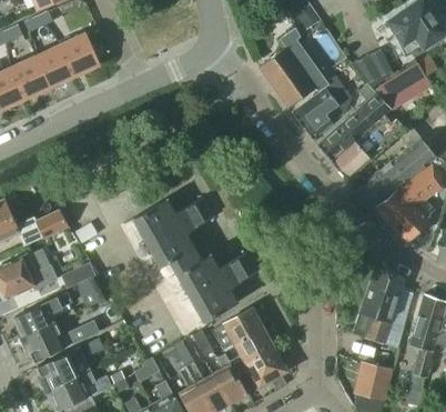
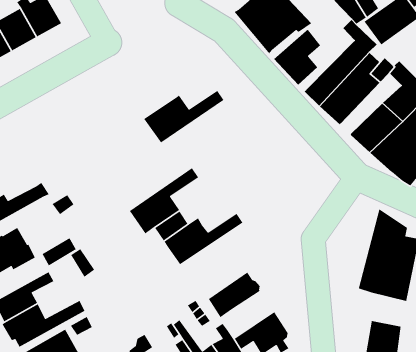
building: [132,197,209,242] -> [143,90,224,144]
building: [190,262,257,321] -> none
building: [230,326,274,369] -> none

